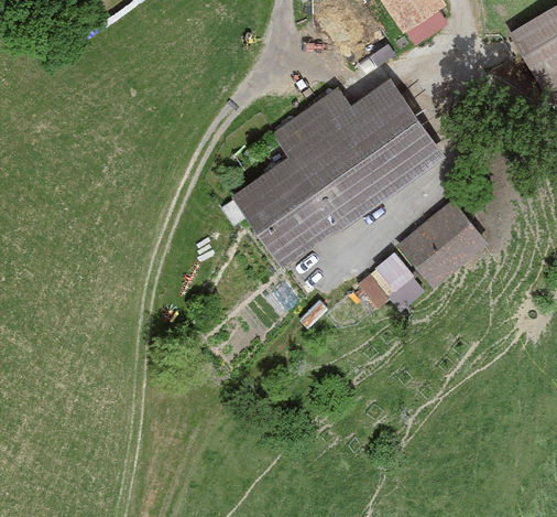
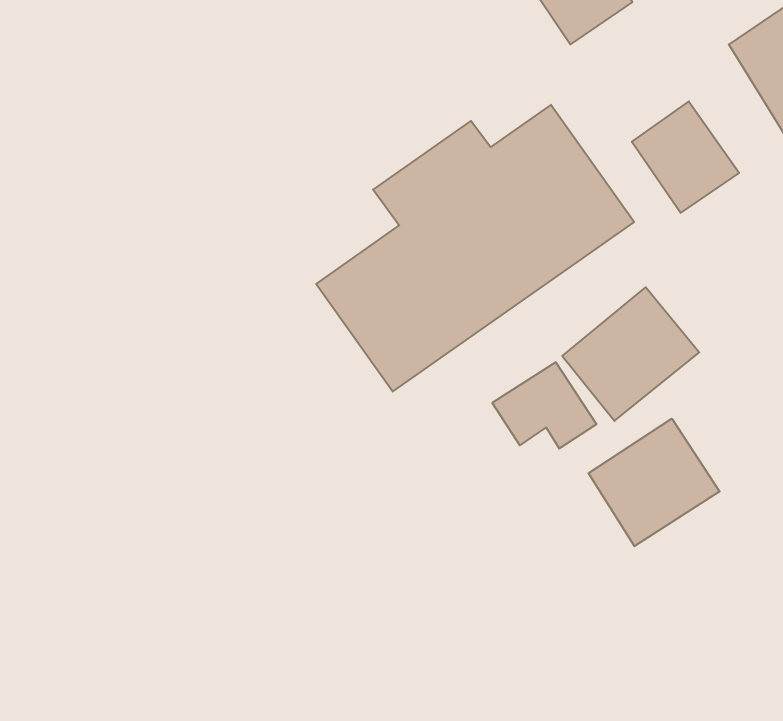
building: none -> [632,101,739,213]
building: none -> [588,419,720,546]

